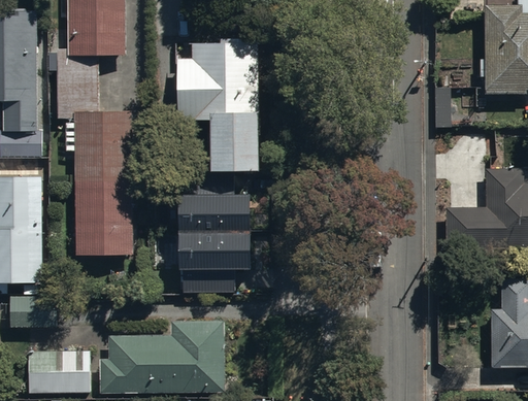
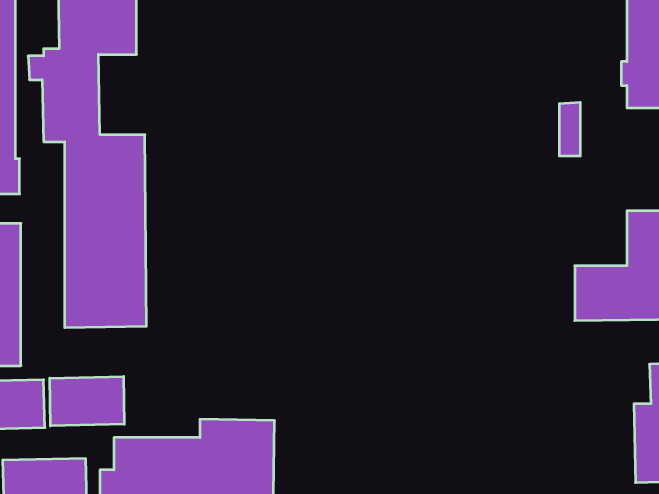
building: [177,37,259,173] -> none
building: [177,181,251,295] -> none
building: none -> [50,376,124,426]

